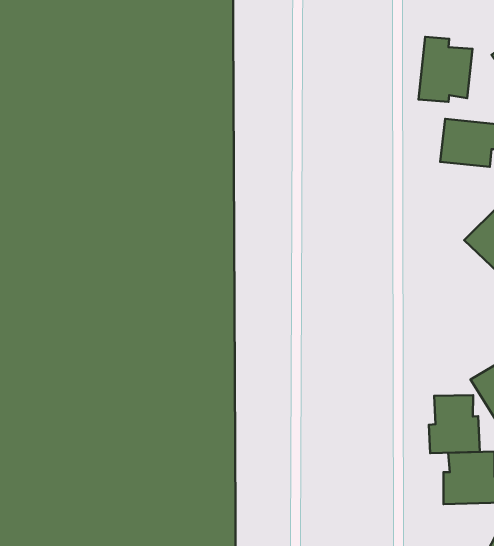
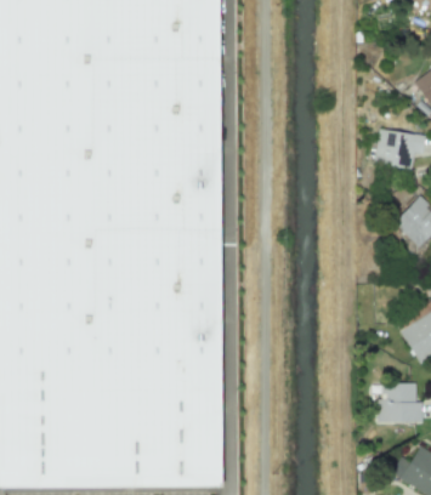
building: [419,37,473,102] -> none
building: [429,395,480,453] -> none

